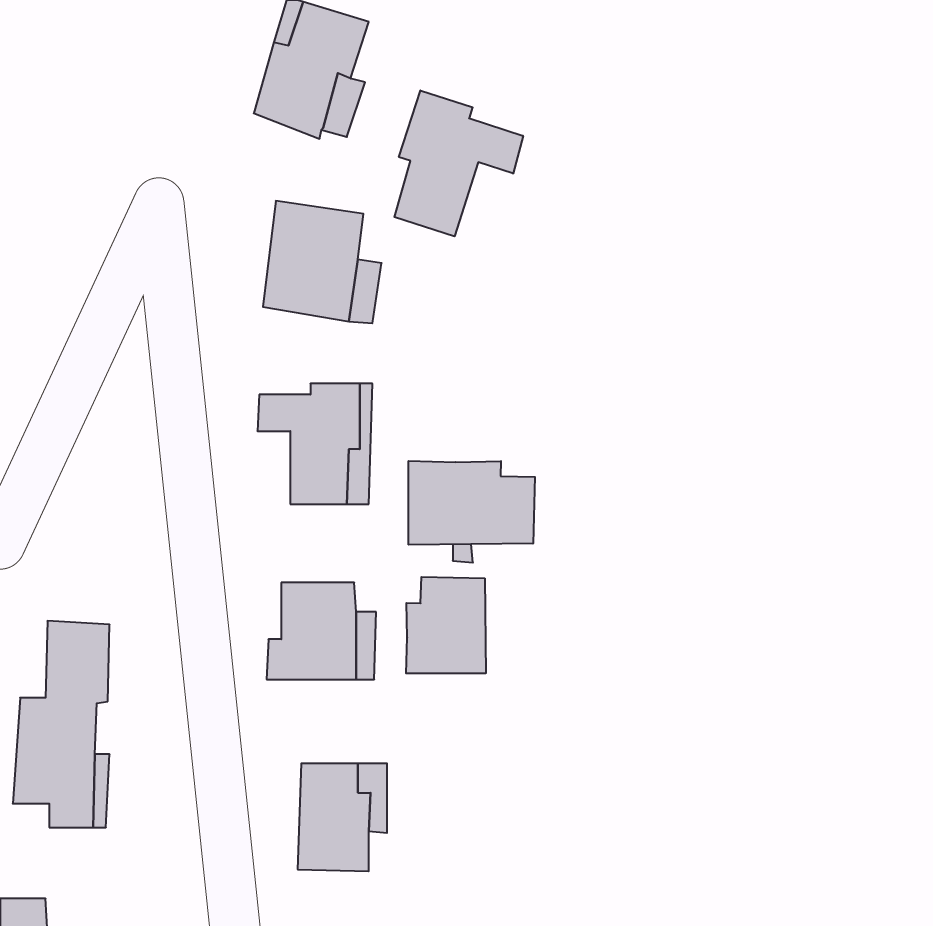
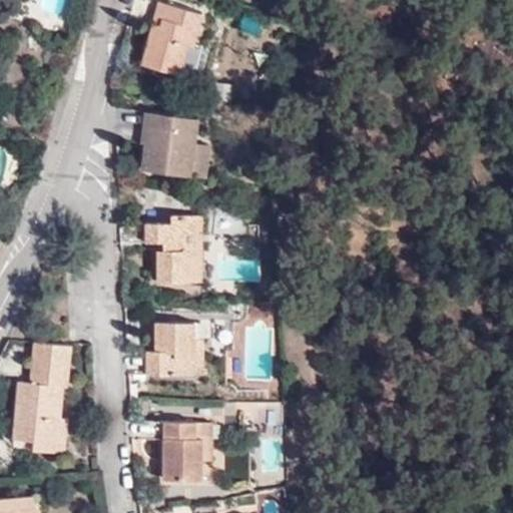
building: [394,90,523,236] -> none
building: [409,461,535,545] -> none
building: [406,577,486,673] -> none

